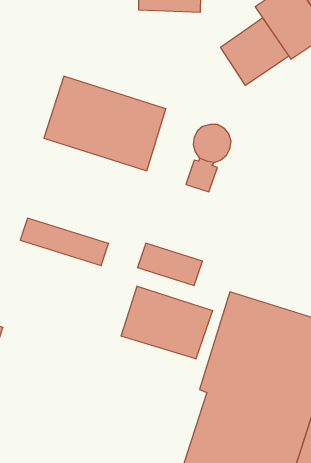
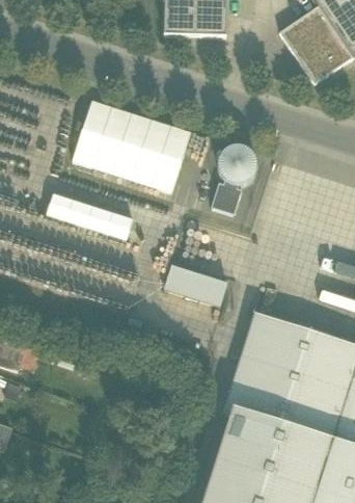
building: [220,18,289,85] -> none
building: [20,218,109,266] -> [47,193,134,240]
building: [121,286,213,359] -> none

